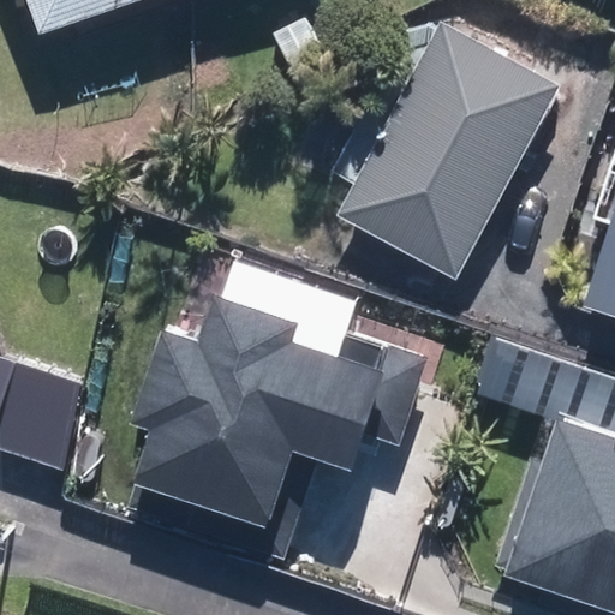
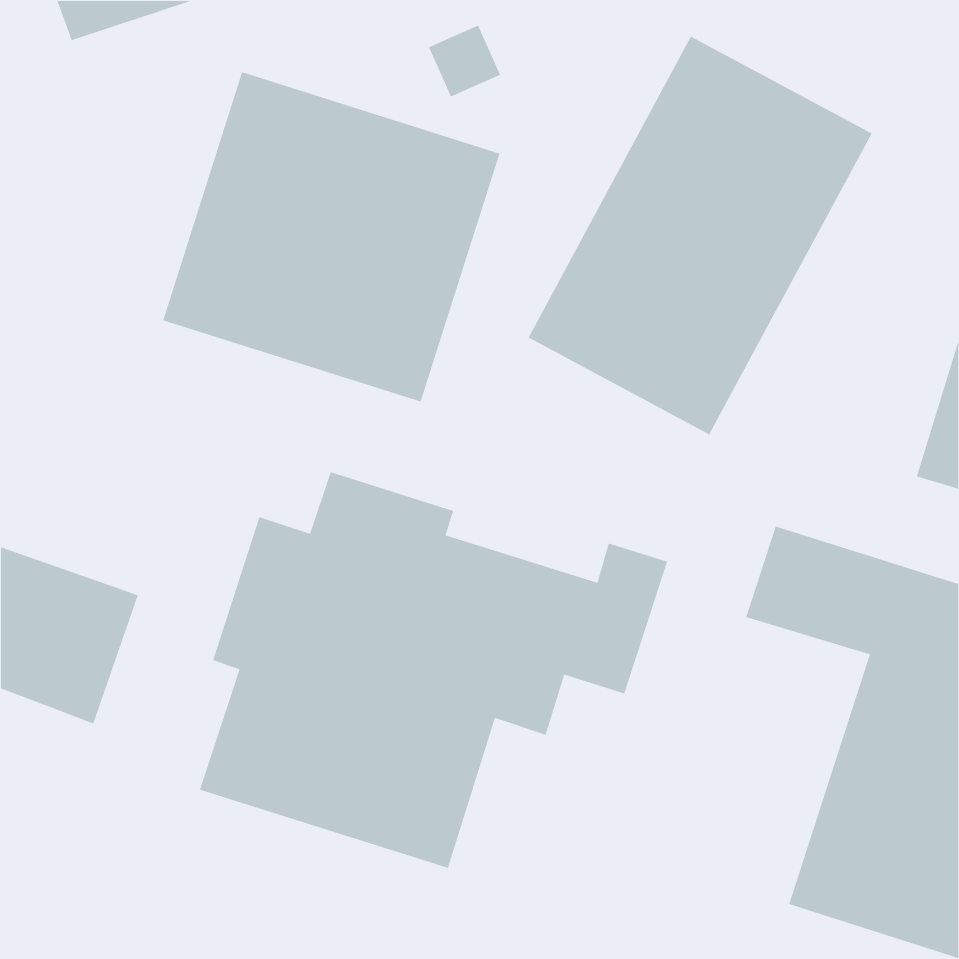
building: none -> [162,71,501,403]

